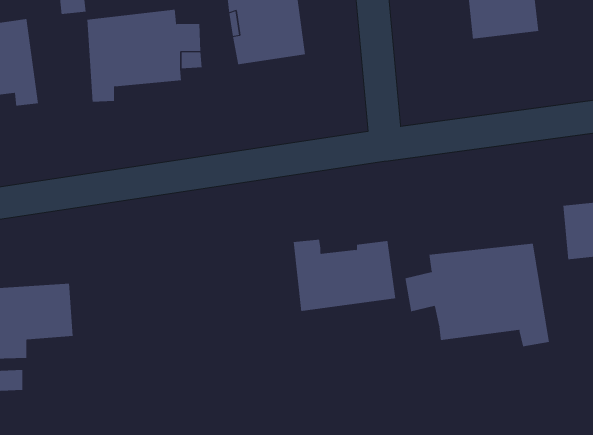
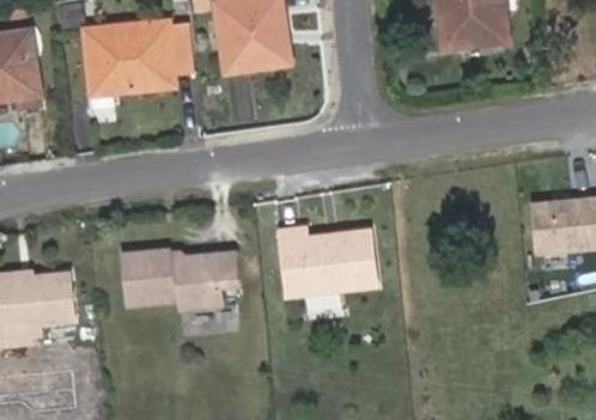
building: [405,243,550,347] -> none
building: none -> [126,250,239,310]

